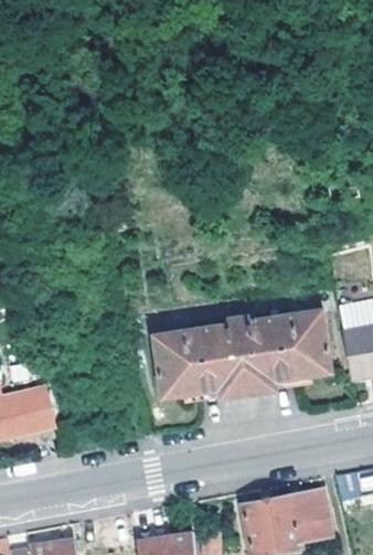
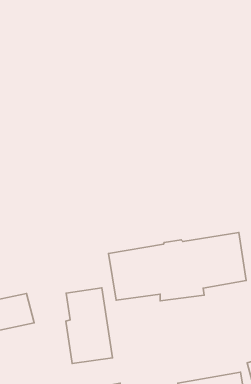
building: none -> [66,288,112,364]

